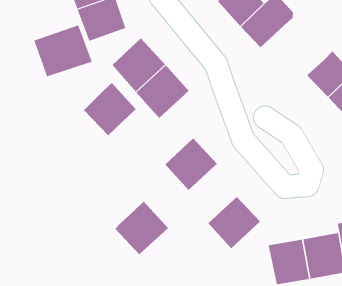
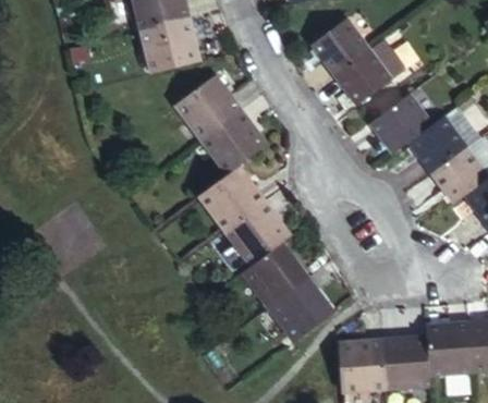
building: [33,24,93,77] -> none
building: none -> [370,96,431,154]
building: [83,82,137,136] -> [199,166,264,230]
building: [115,201,169,255] -> [243,242,308,306]

